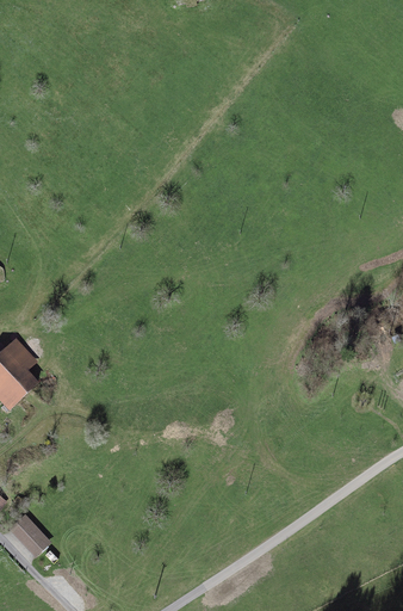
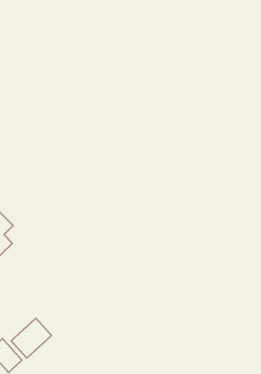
building: none -> [11,318,51,358]

